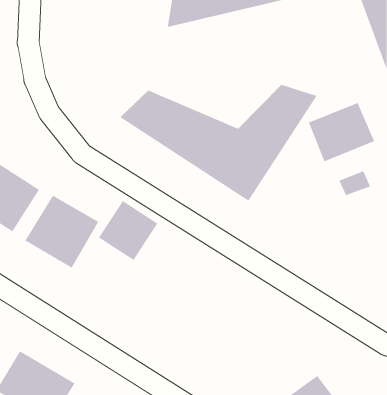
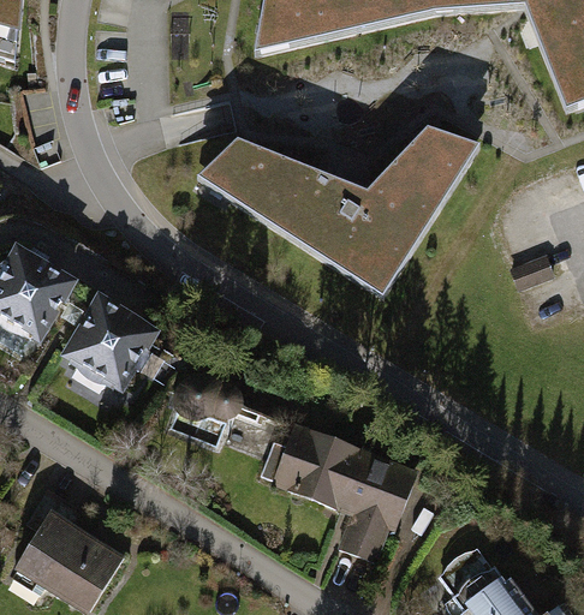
building: [308,102,375,162] -> none
building: [98,200,158,261] -> none
building: none -> [268,418,421,566]

